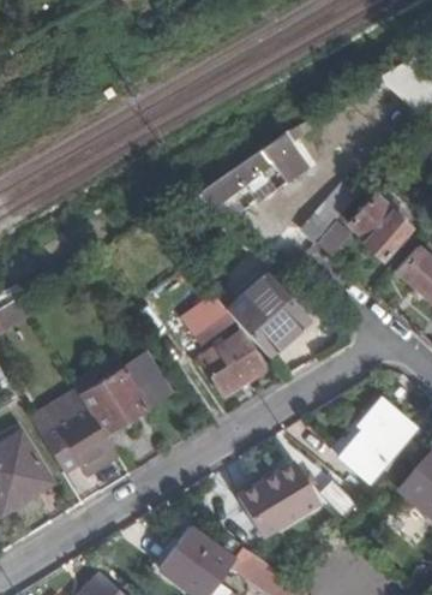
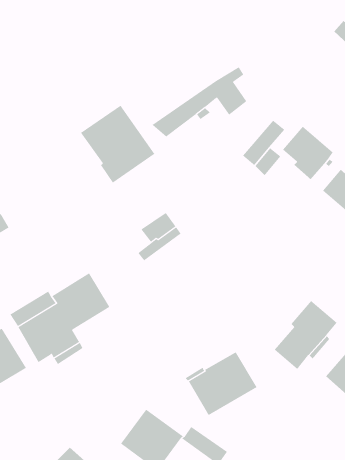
building: none -> [80,105,155,184]
building: [227,273,307,355] -> none
building: [199,332,265,395] -> none
building: [124,352,170,406] -> none

